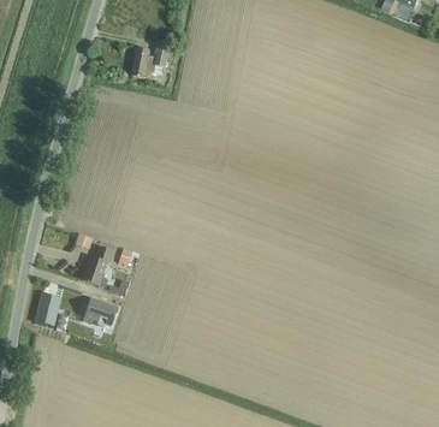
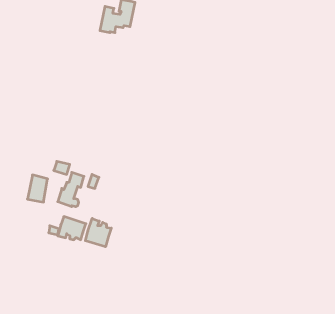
building: [36,291,60,324] -> [27,175,48,202]
building: none -> [85,218,111,247]

